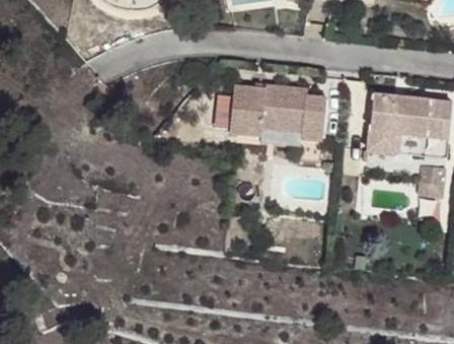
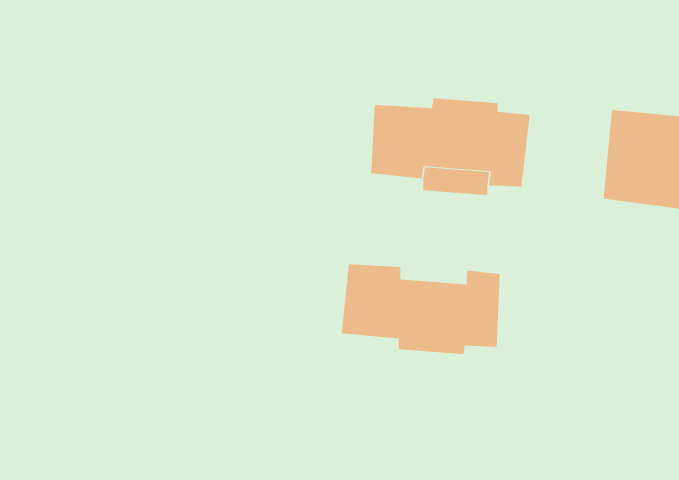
building: none -> [341,264,500,355]

